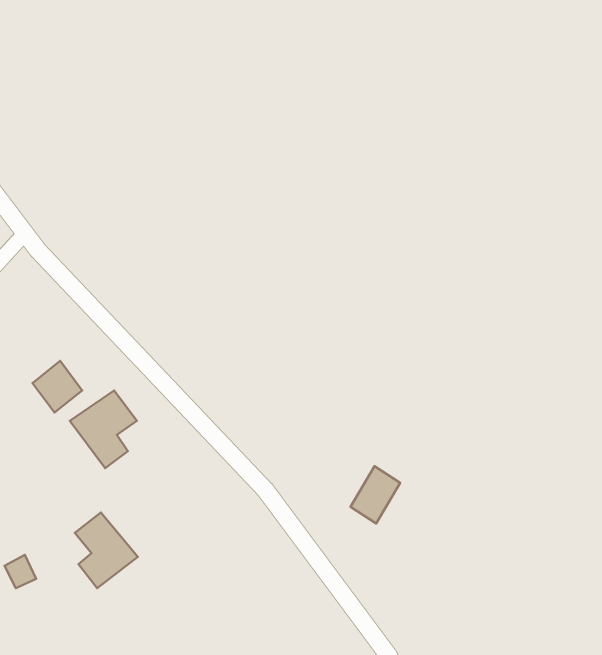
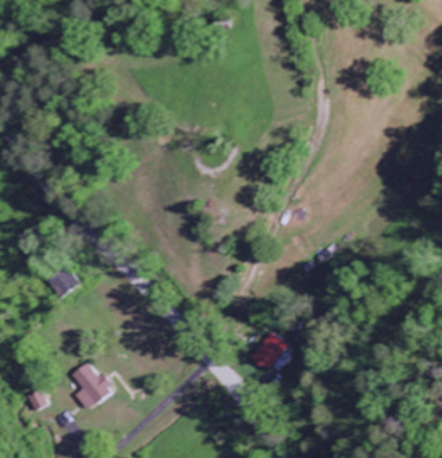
building: [70,391,137,468] -> none

